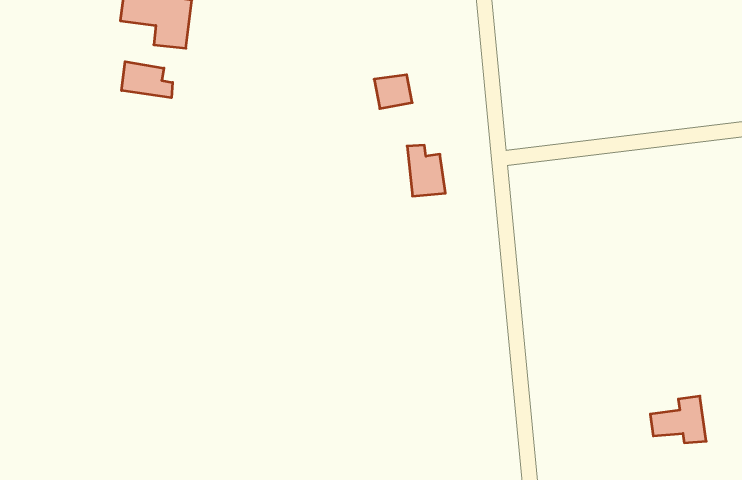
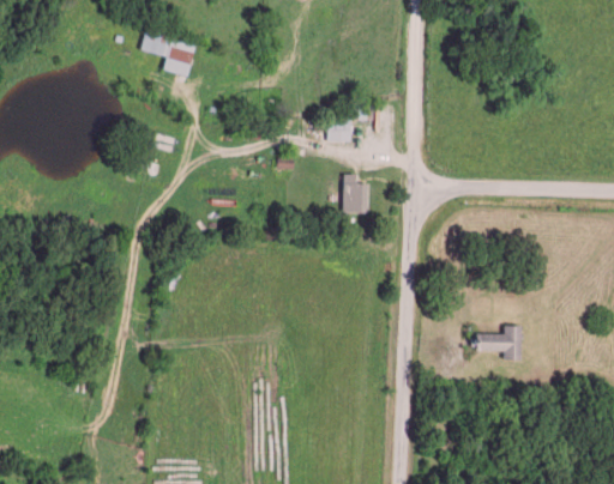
building: [122,62,173,98] -> none
building: [650,396,706,443] -> [480,326,519,361]

